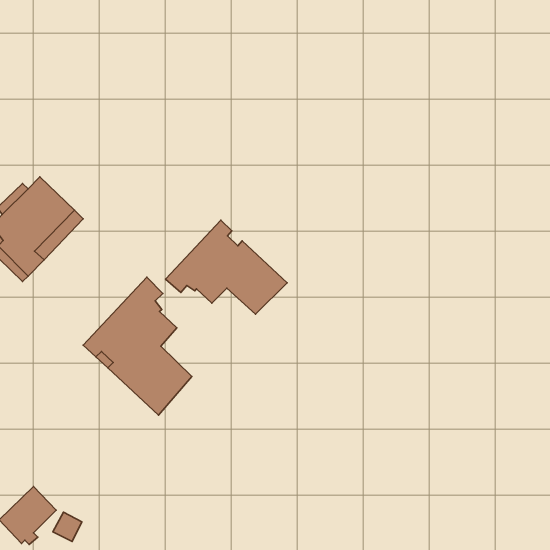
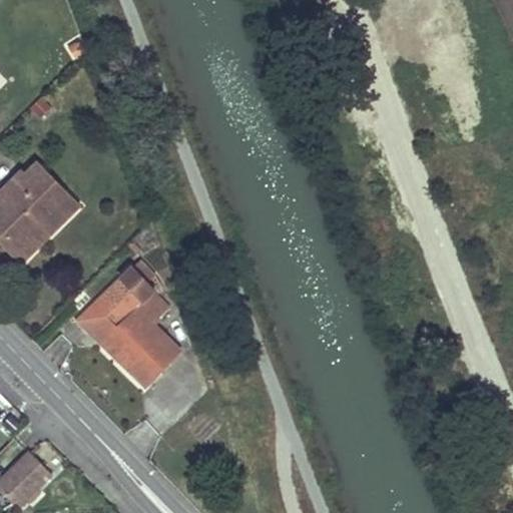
building: [166,220,287,314] -> none

